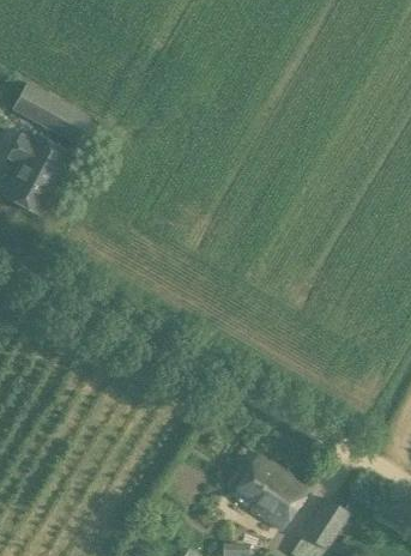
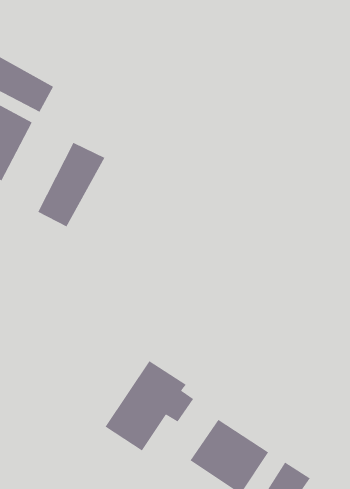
building: none -> [37,142,105,228]
building: none -> [104,360,194,452]

